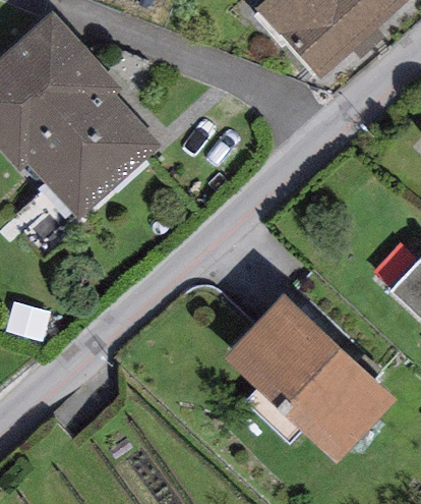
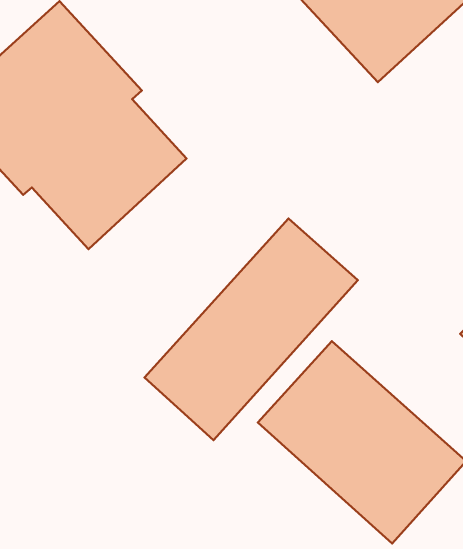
building: none -> [145,219,358,440]

